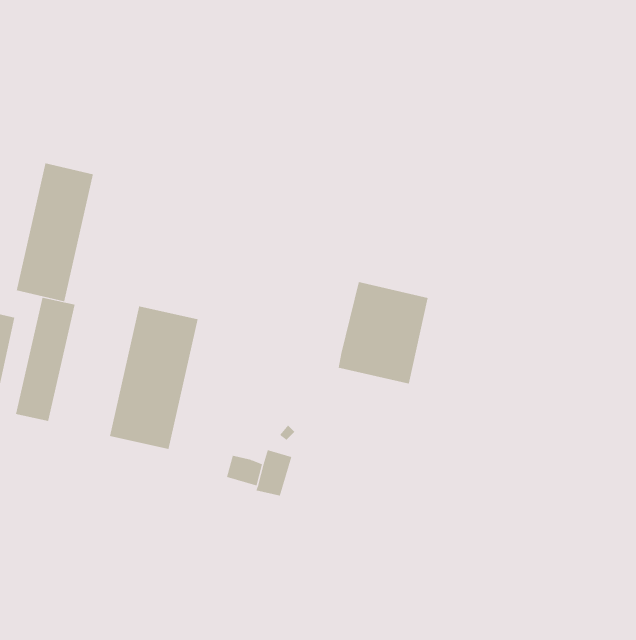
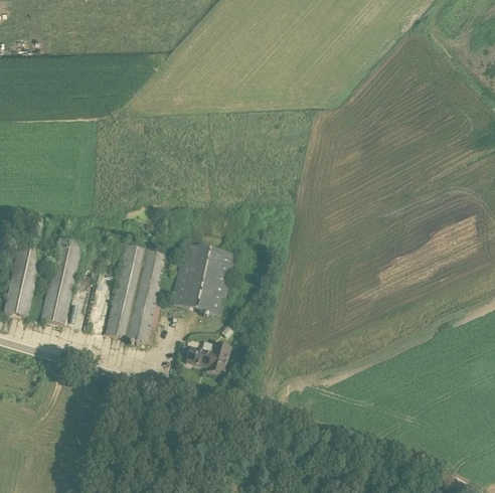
building: [16,163,93,302] -> none
building: [338,282,429,384] -> [170,243,232,314]

